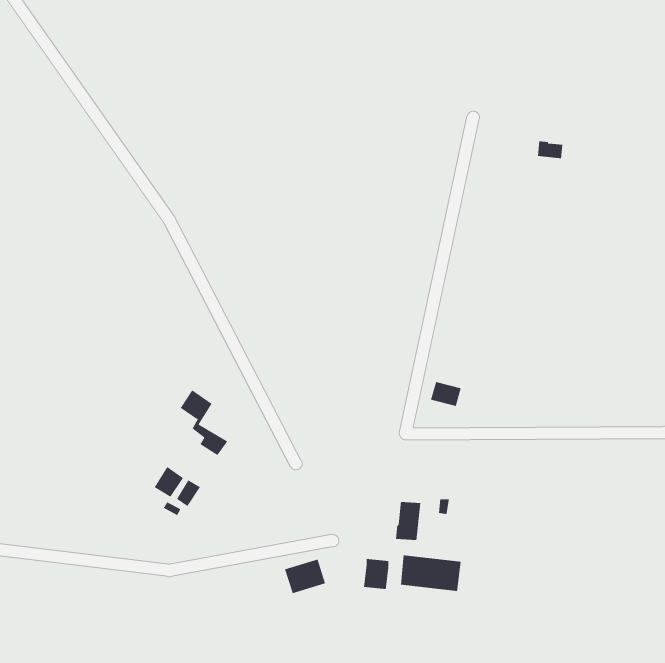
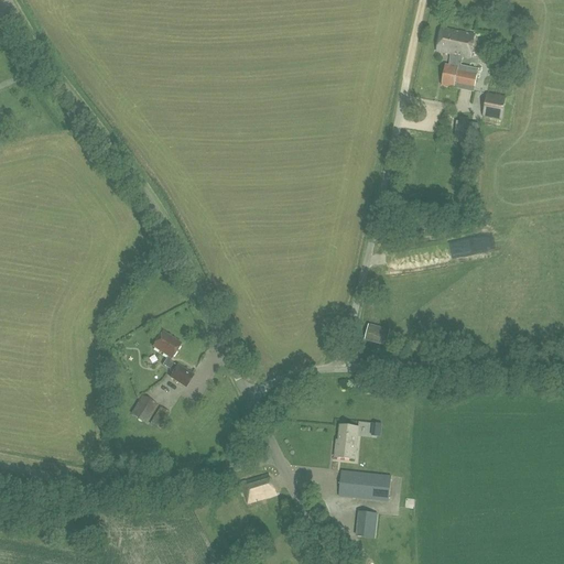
building: none -> [436,26,477,90]
building: none -> [481,93,506,118]
building: [363,558,389,590] -> [355,510,377,536]

